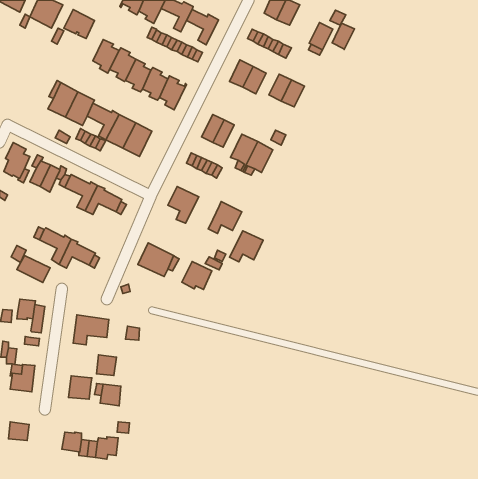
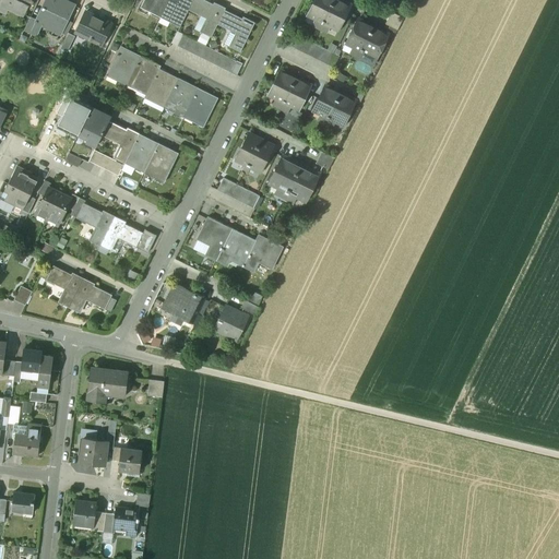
building: [332,23,355,49] -> [346,20,372,50]
building: [230,231,263,262] -> [216,229,255,265]
building: [17,255,50,283] -> none
building: [97,355,116,376] -> none

